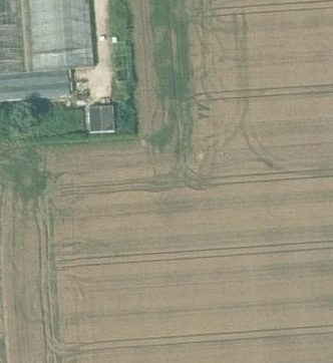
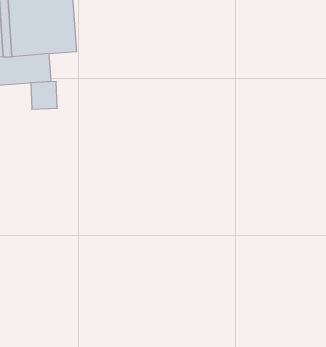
building: [86,106,111,132] -> [31,82,57,109]

